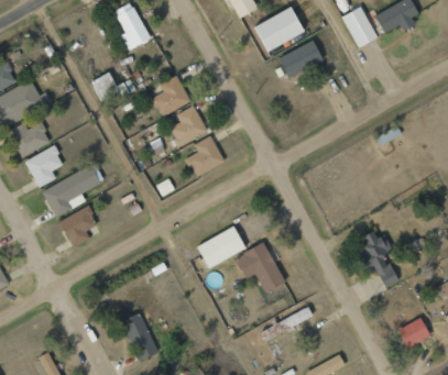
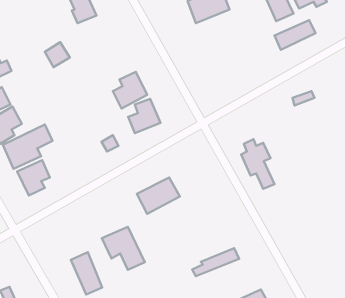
building: [277,42,321,77] -> none
building: none -> [275,20,315,50]
building: [151,76,189,118] -> none
building: [359,231,397,288] -> [241,139,274,189]
building: [234,243,284,293] -> [102,227,145,270]
building: [397,318,429,349] -> none

